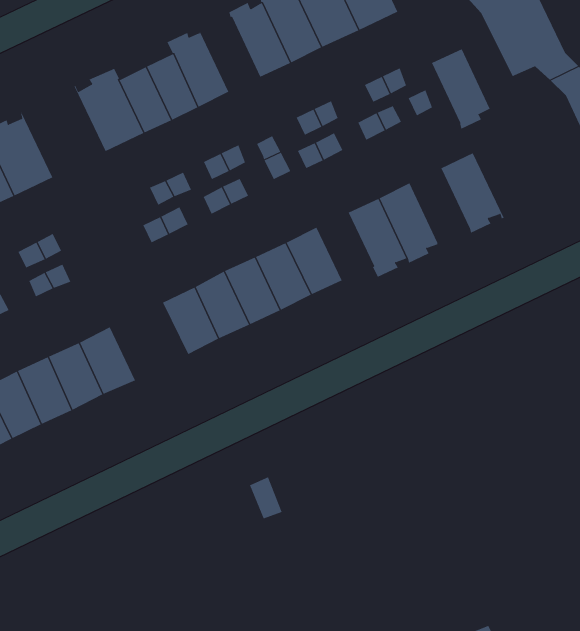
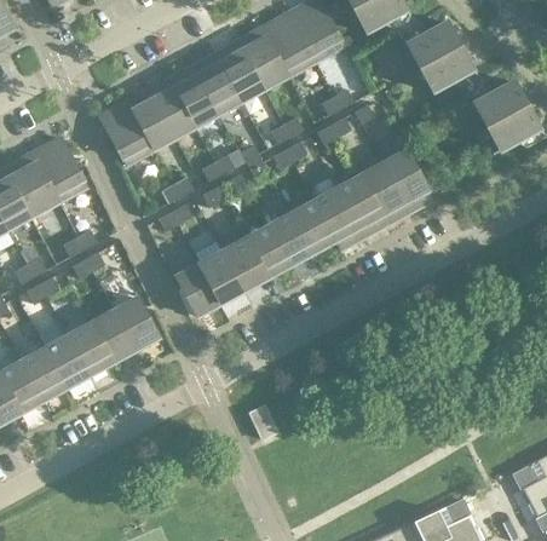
building: none -> [191,57,241,114]
building: [431,48,490,129] -> [359,163,407,225]
building: none -> [290,201,335,253]

